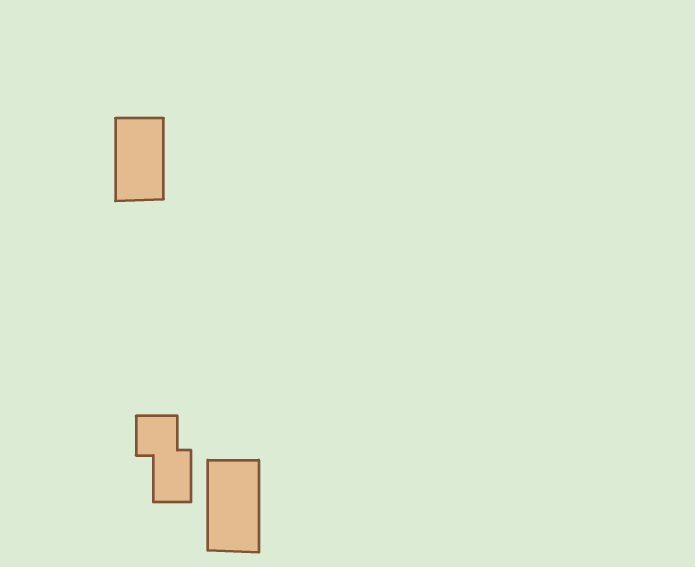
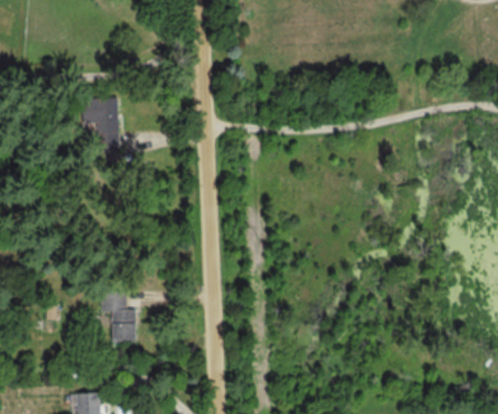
building: [208,460,259,552] -> none

